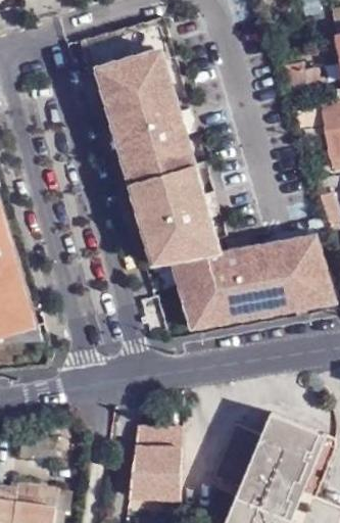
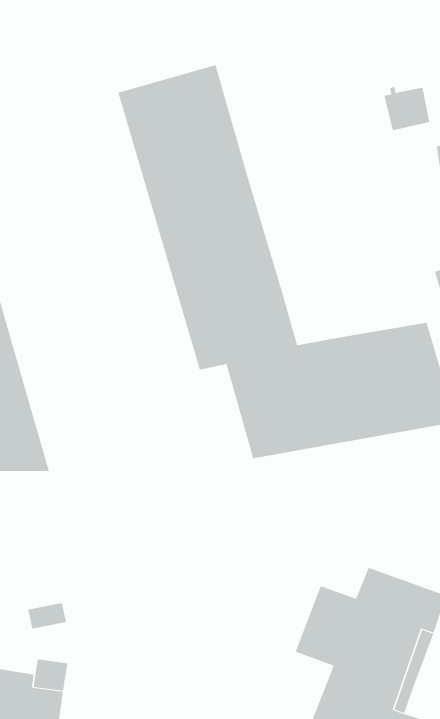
building: [125,424,179,510] -> none

